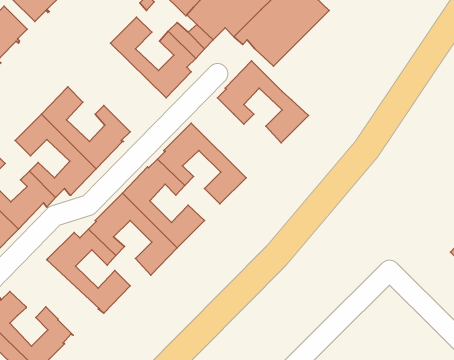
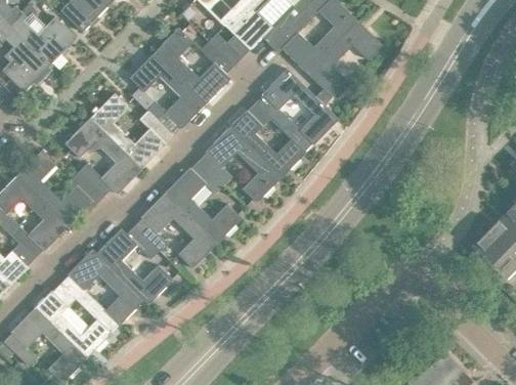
building: none -> [306,22,384,105]
building: none -> [128,52,206,135]
building: none -> [229,103,313,178]
building: none -> [59,250,143,326]

